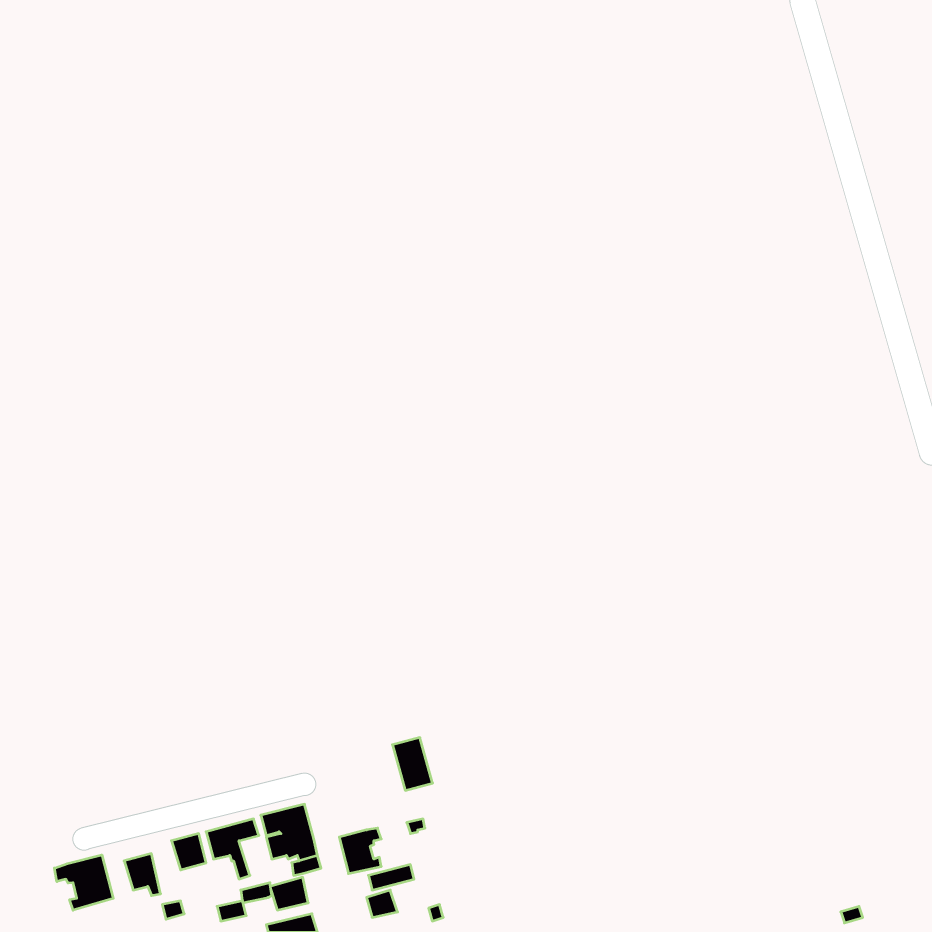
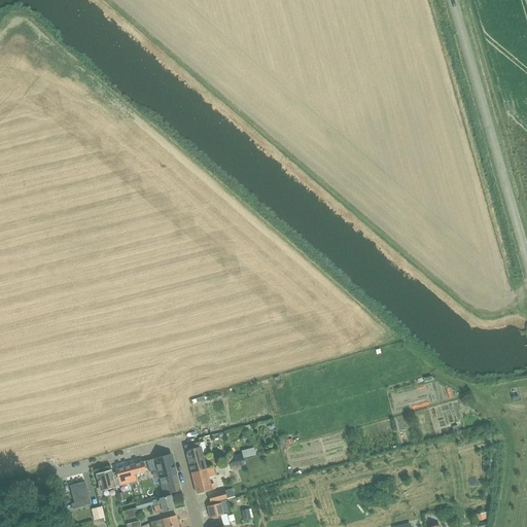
building: [392,738,433,790] -> [184,443,207,472]
building: [54,855,113,910] -> none

